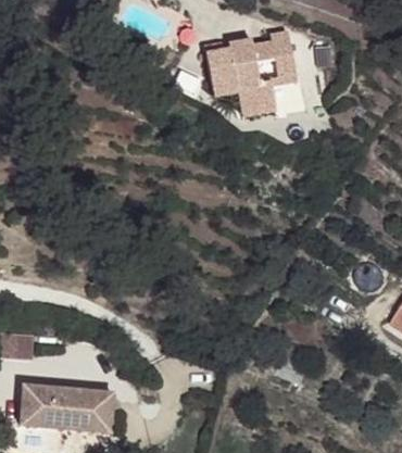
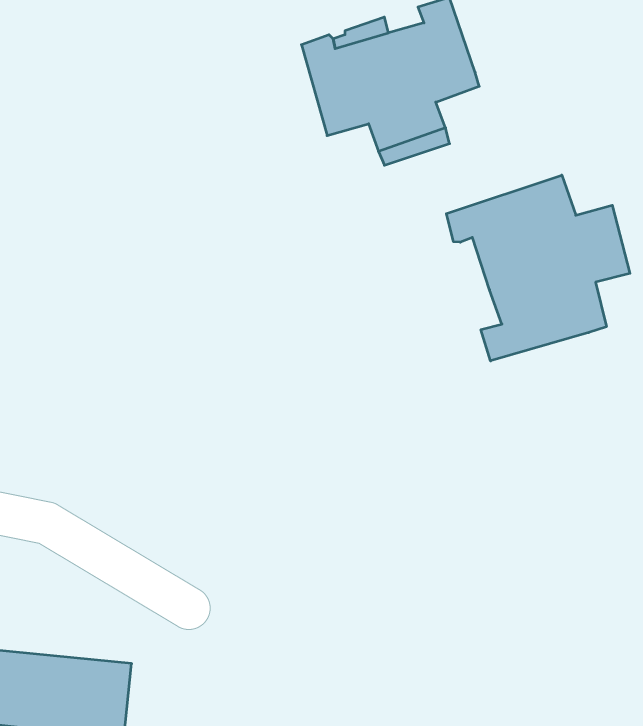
building: none -> [446,175,630,361]

